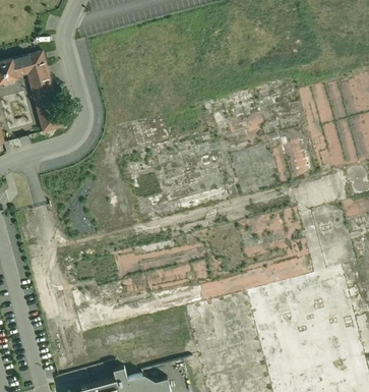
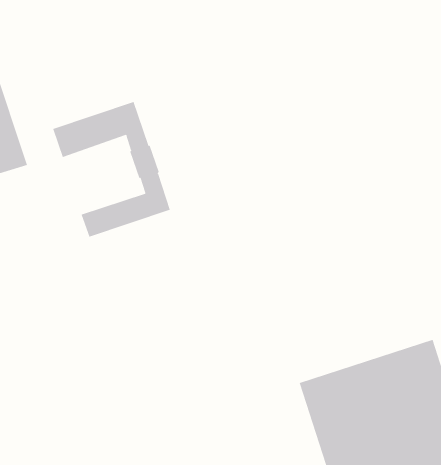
building: none -> [52,101,171,237]

